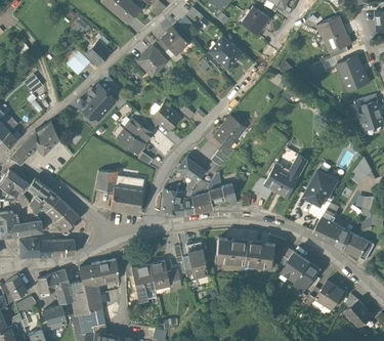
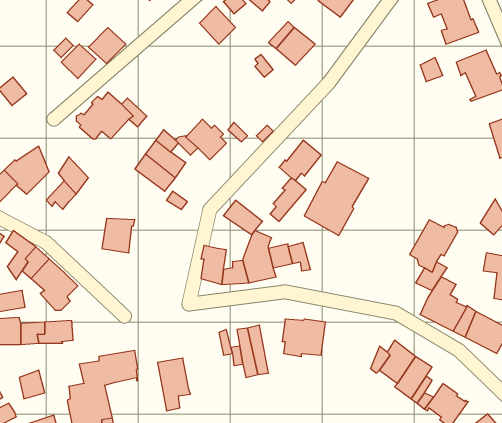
building: [136,46,166,76] -> none
building: [264,148,308,199] -> [304,162,369,236]
building: [110,175,143,213] -> none
building: [244,241,275,269] -> none
building: [150,262,182,291] -> none
building: [51,269,73,303] -> none

